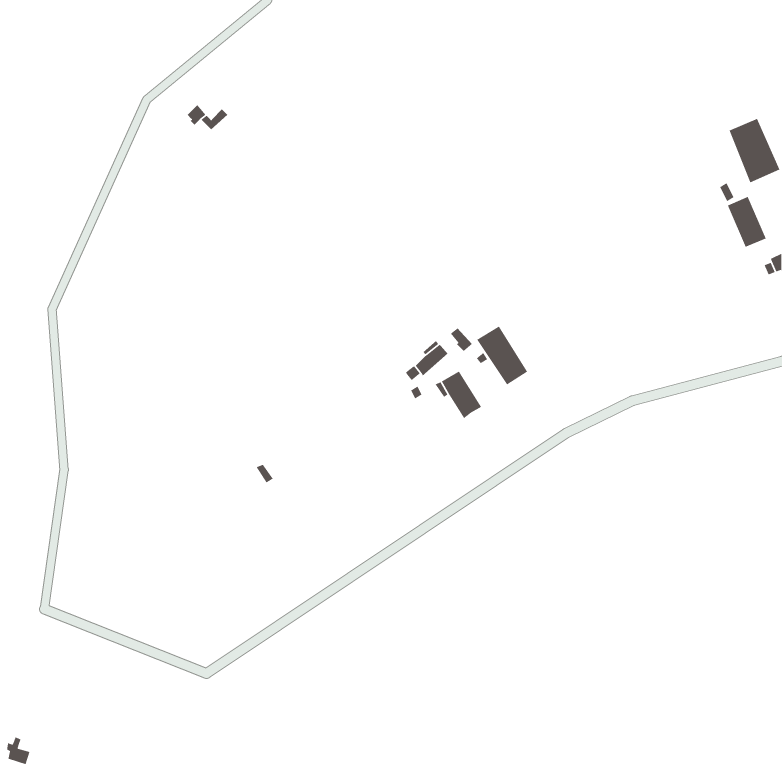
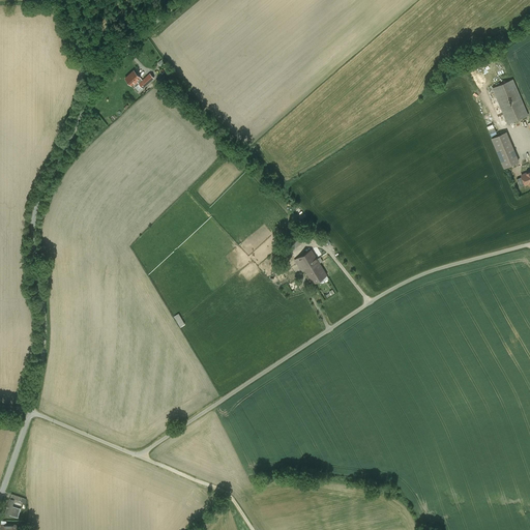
building: [476,325,528,386] -> none

